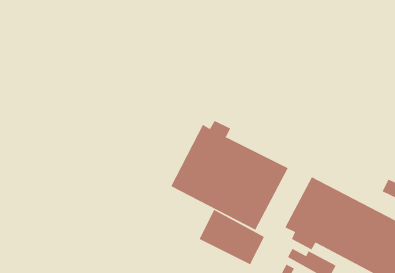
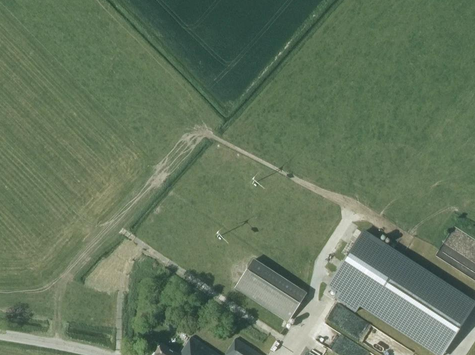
building: [171,120,288,230] -> none

